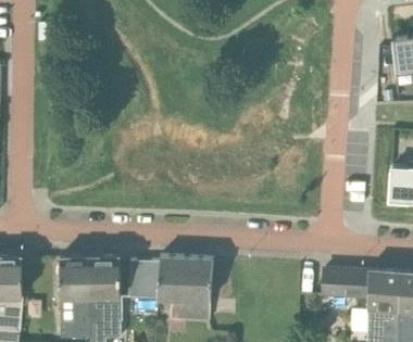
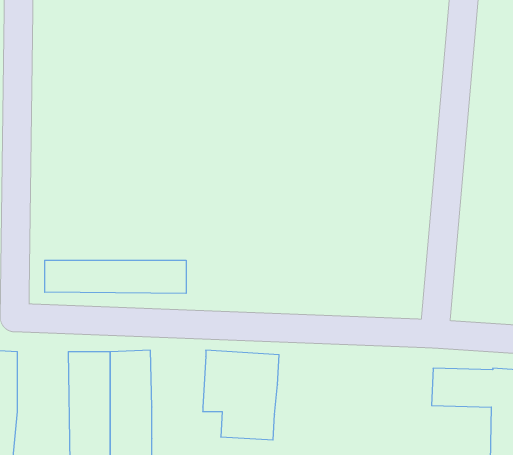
building: none -> [45,260,186,293]
building: [127,259,160,297] -> none

